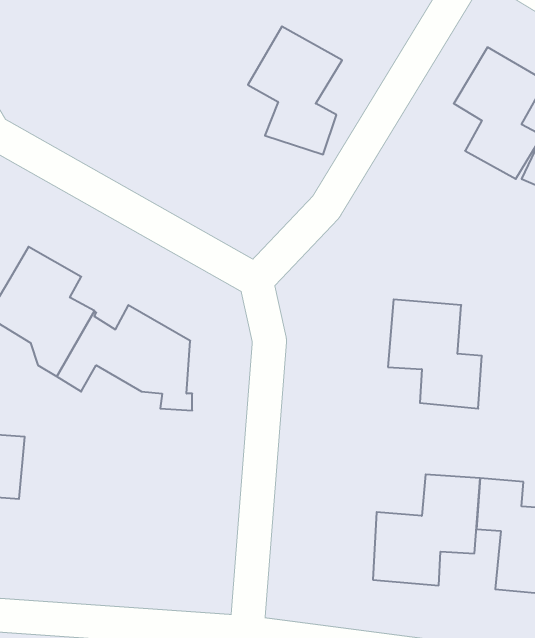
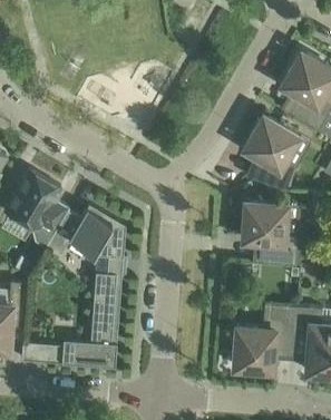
building: [248,26,342,154] -> [243,115,299,191]
building: none -> [20,265,126,367]

